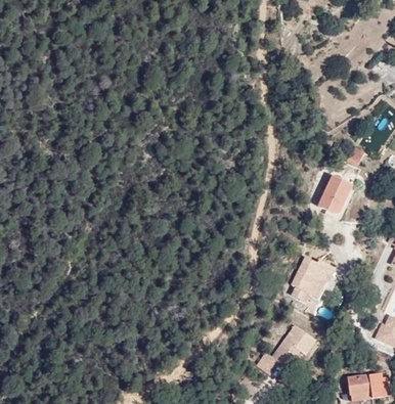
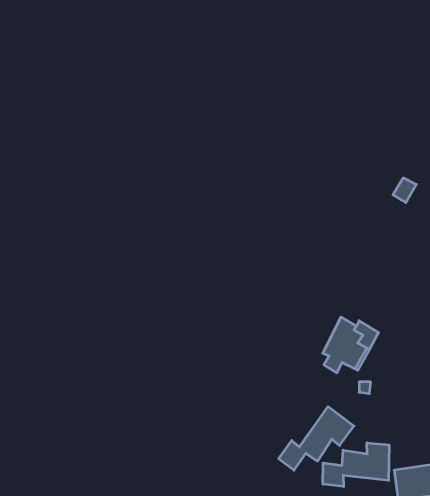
building: [317,174,352,215] -> none
building: none -> [323,443,389,487]

